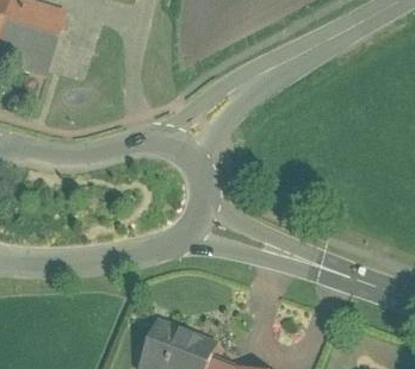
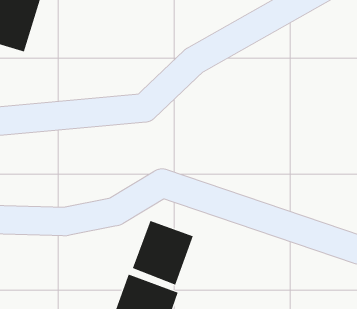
building: none -> [132,220,194,285]

